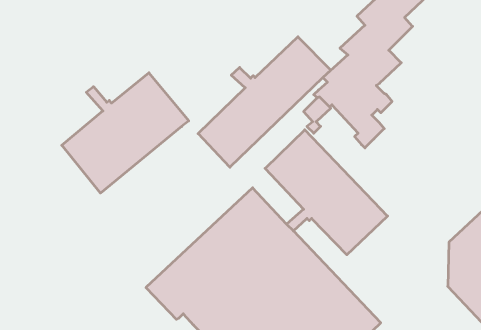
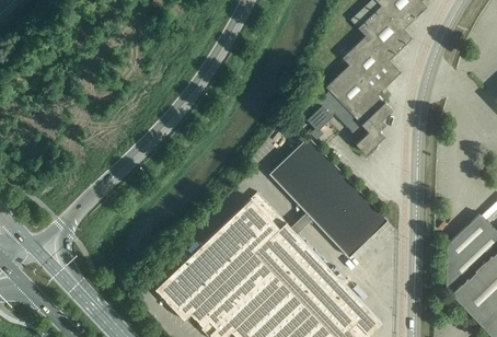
building: [198,37,331,167] -> none
building: [62,73,189,193] -> none

